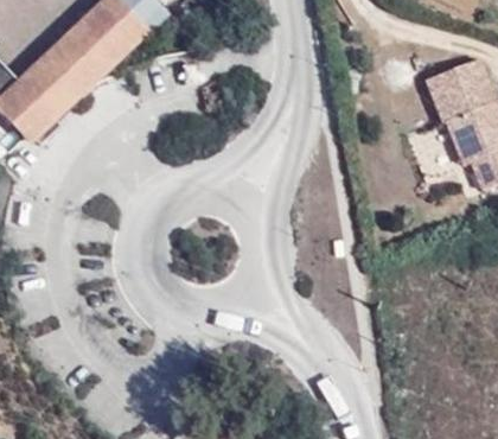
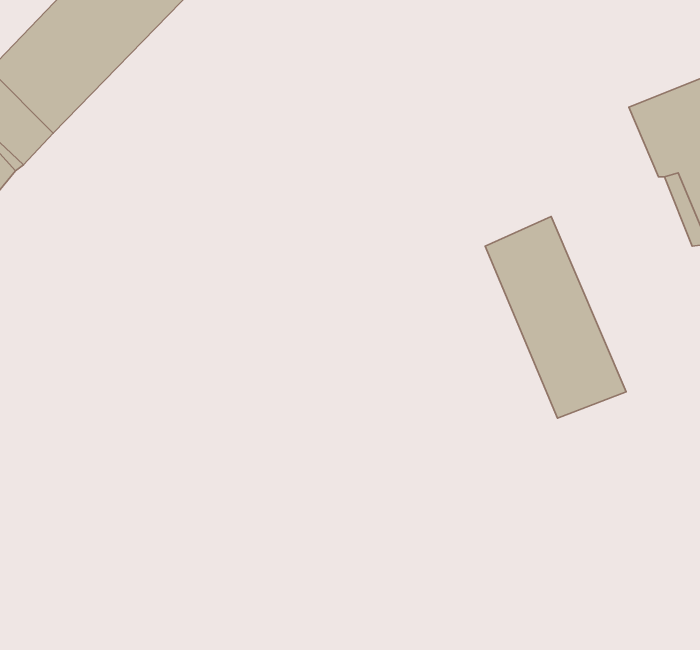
building: none -> [485,217,626,418]

